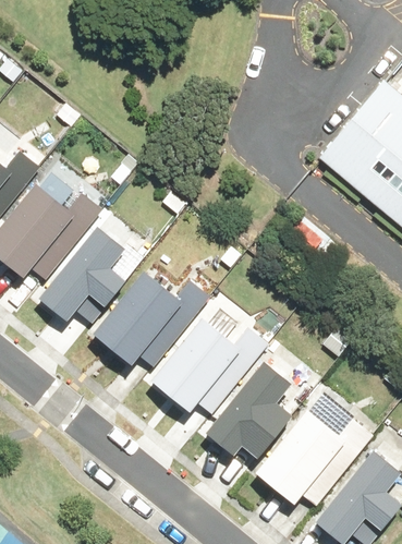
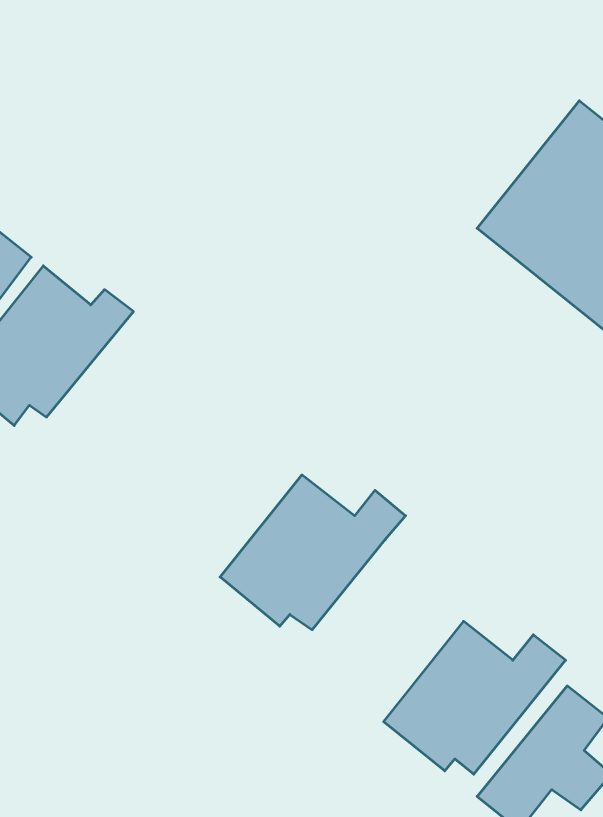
building: [39,226,127,322] -> none
building: [94,269,206,367] -> none
building: [206,361,292,454] -> none

